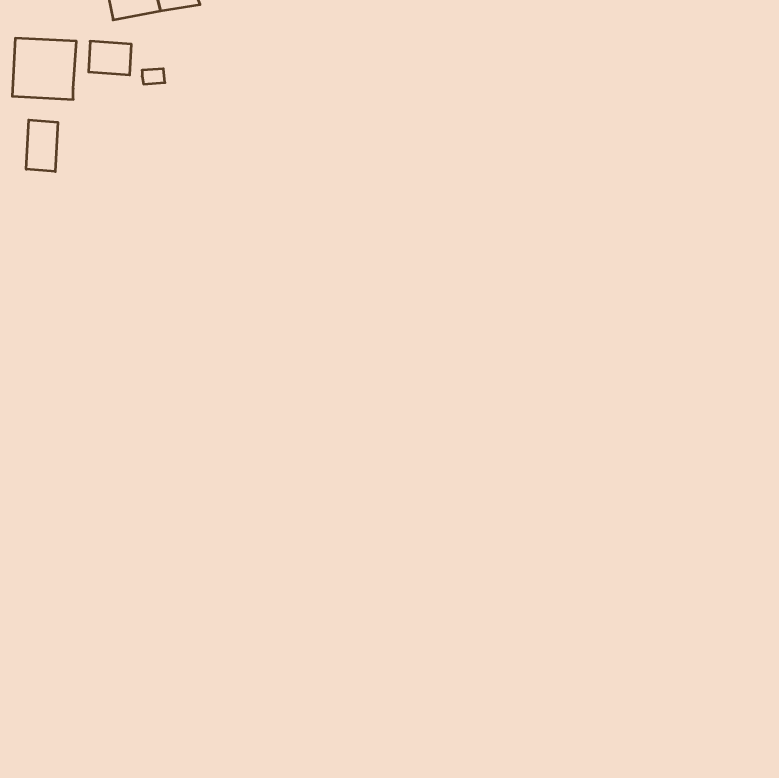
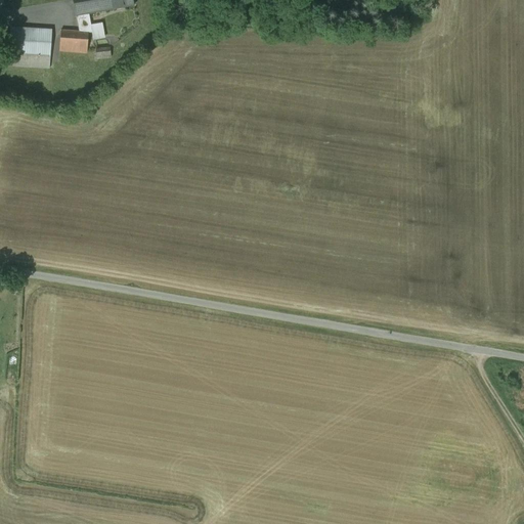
building: [26,120,58,172] -> none

